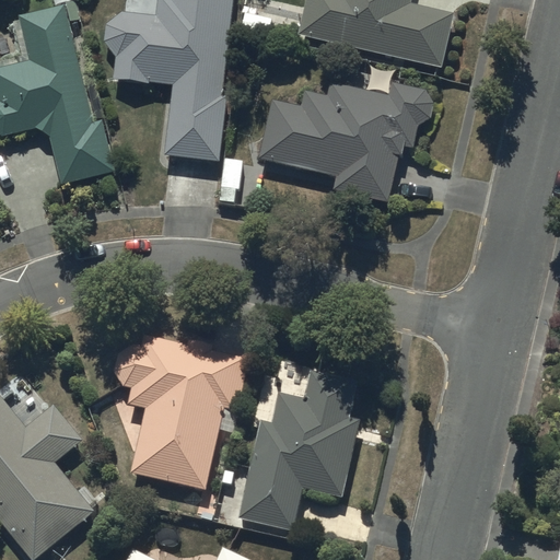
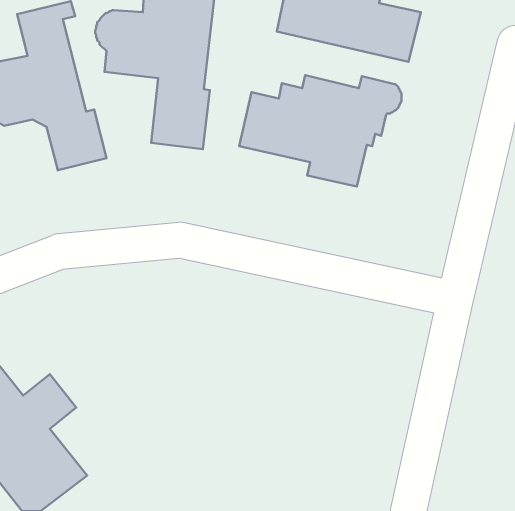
building: [114,334,248,490] -> none
building: [237,371,359,529] -> none

